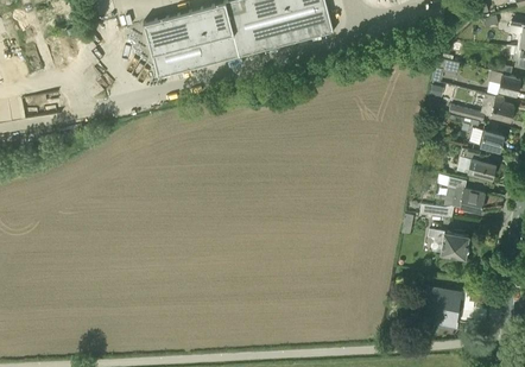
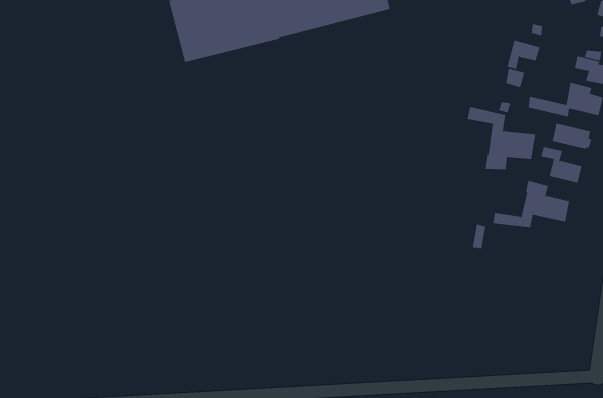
building: none -> [467,106,536,170]
building: [429,229,469,257] -> none
building: [422,287,460,327] -> none

